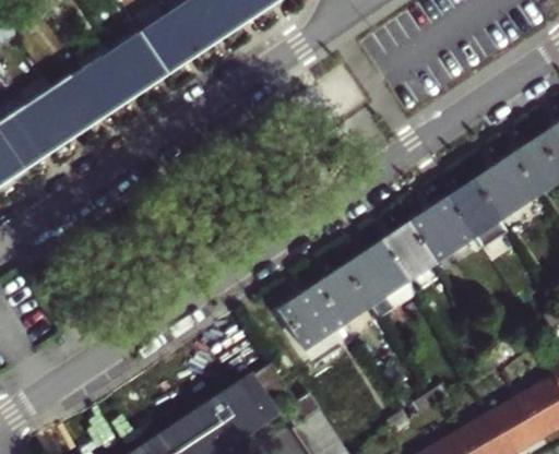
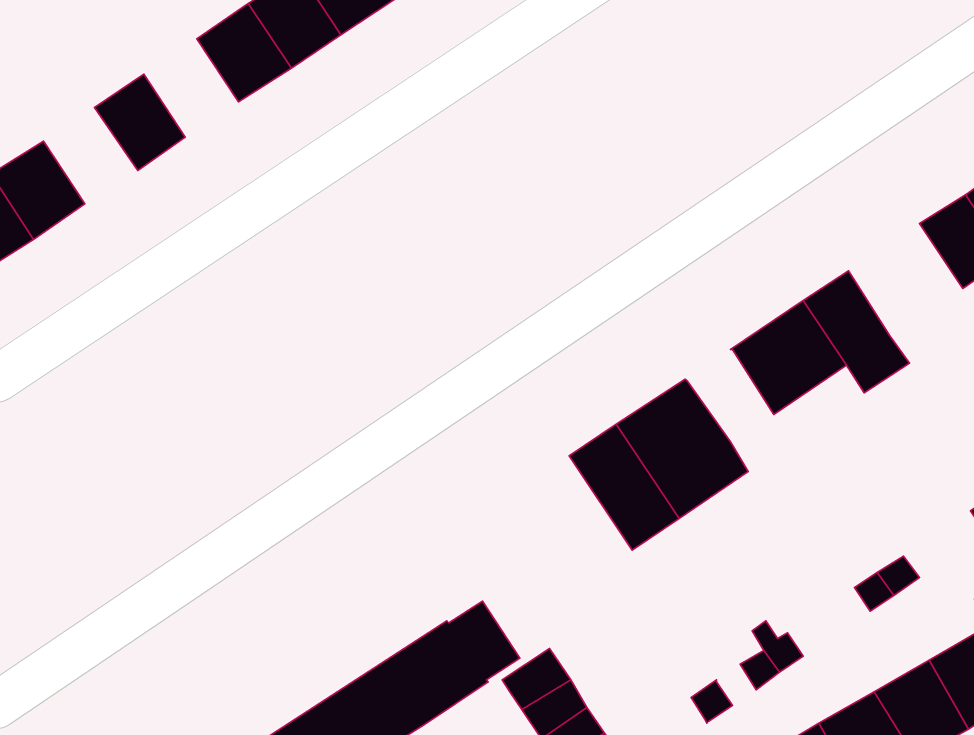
building: [81,53,133,108] -> none
building: [25,92,78,145] -> none
building: [472,156,535,218] -> none
building: [381,226,430,277] -> none
building: [276,285,352,365] -> none

